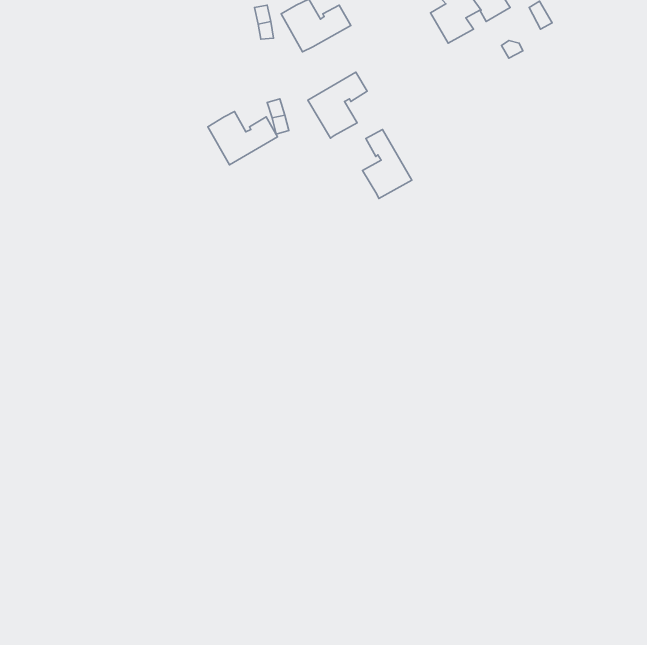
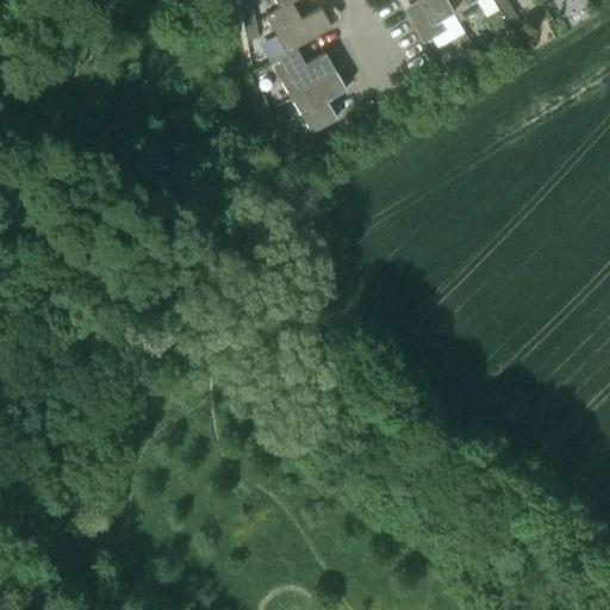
building: [208,112,277,165] -> [269,44,335,94]
building: [363,129,412,198] -> none

